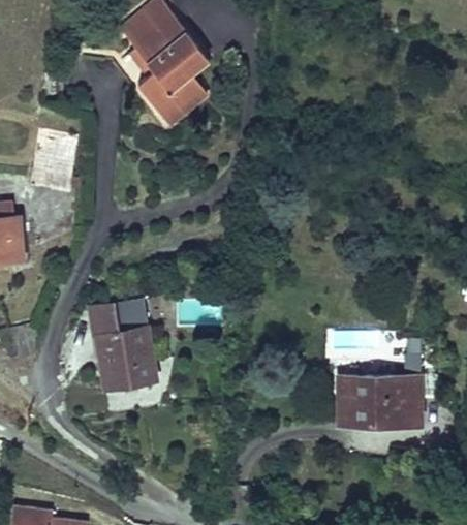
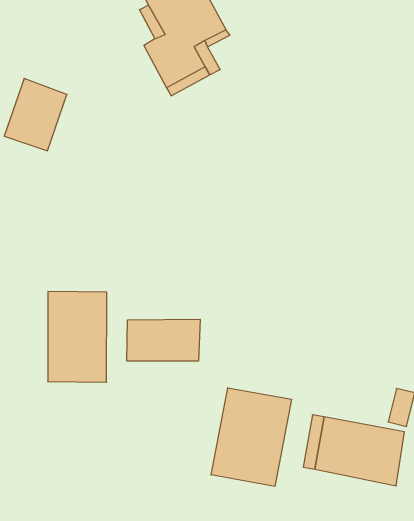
building: none -> [127,319,200,361]
building: none -> [211,388,291,486]

